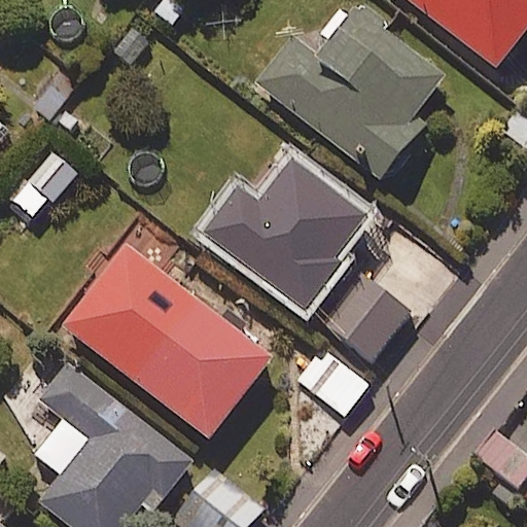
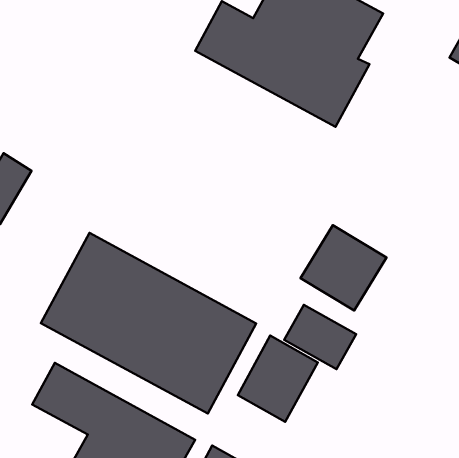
building: [207,160,366,309] -> none
building: none -> [238,336,318,422]

